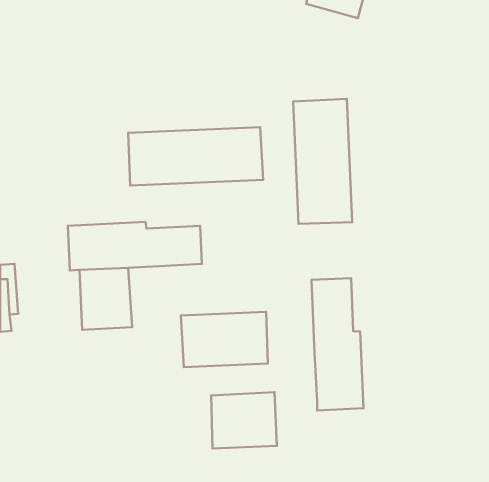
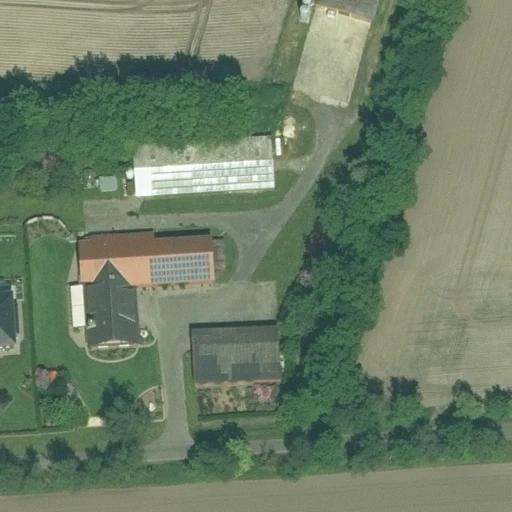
building: [293,99,352,224] -> none
building: [311,278,364,411] -> none
building: [211,392,277,448] -> none

